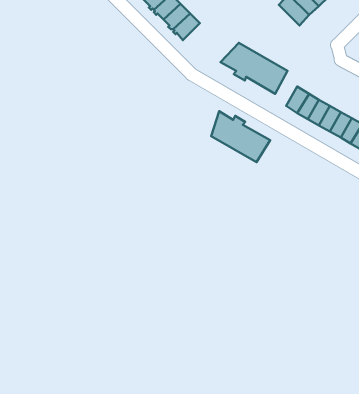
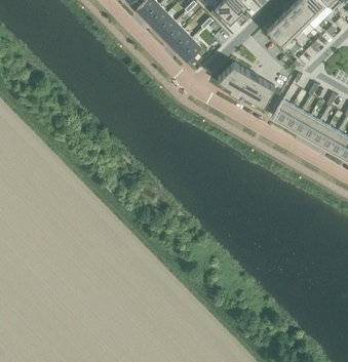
building: [211,111,270,162] -> none

